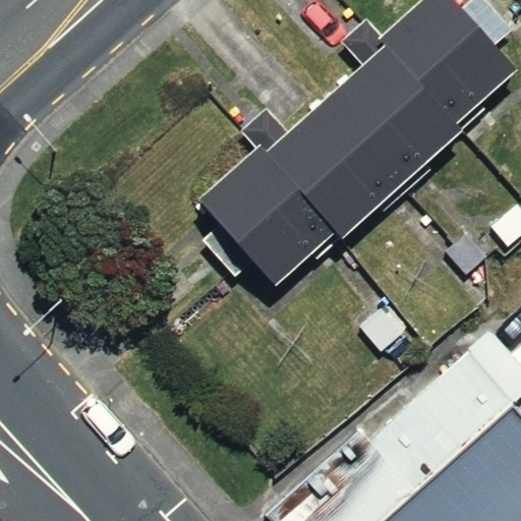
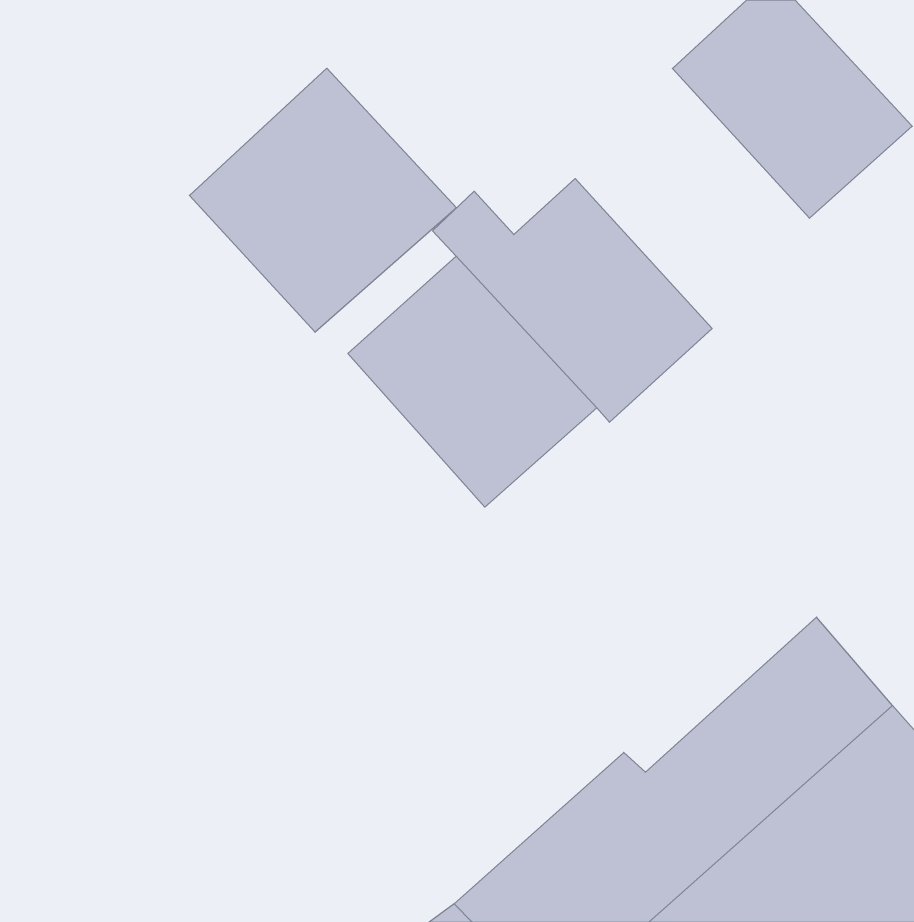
building: [329,19,468,185] -> none
building: none -> [189,68,457,332]

